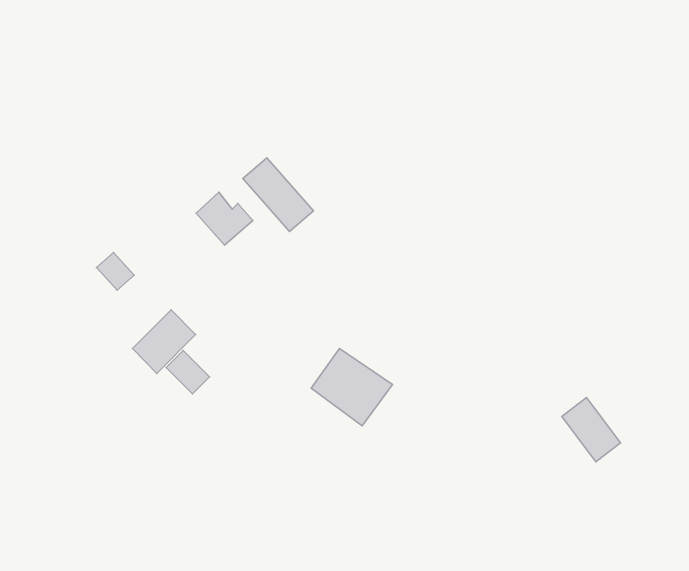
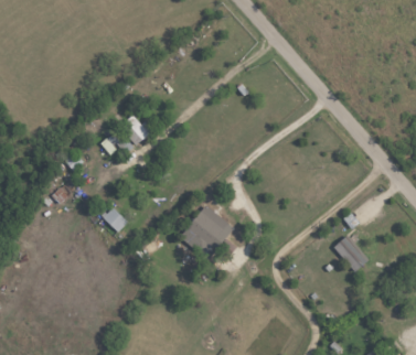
building: [243,158,314,231] -> none
building: [132,310,196,373] -> none

